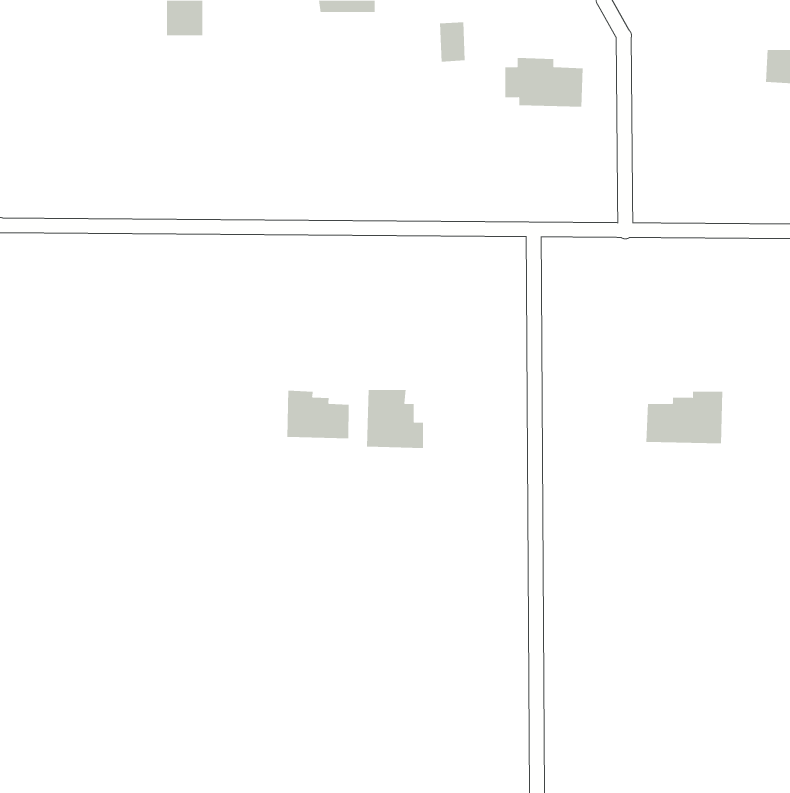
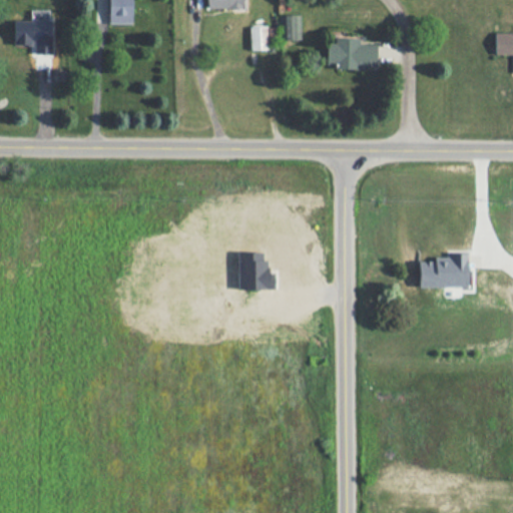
building: none -> [15,11,55,54]
building: none -> [251,26,270,49]
building: [287,390,349,439] -> none

